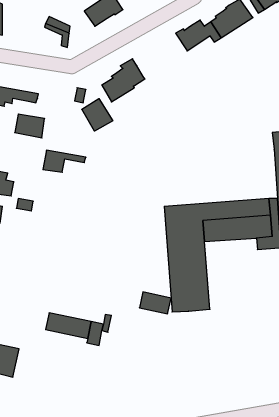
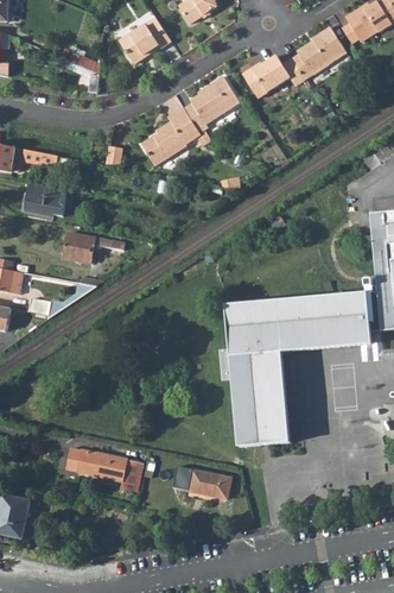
building: none -> [184,75,240,131]
building: [82,99,113,131] -> none
building: [139,292,171,314] -> [189,467,231,497]

